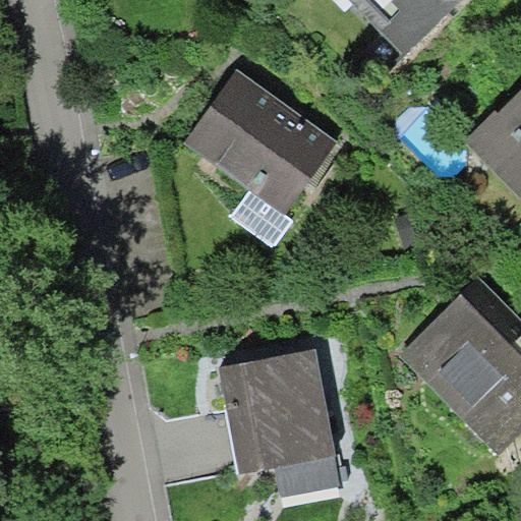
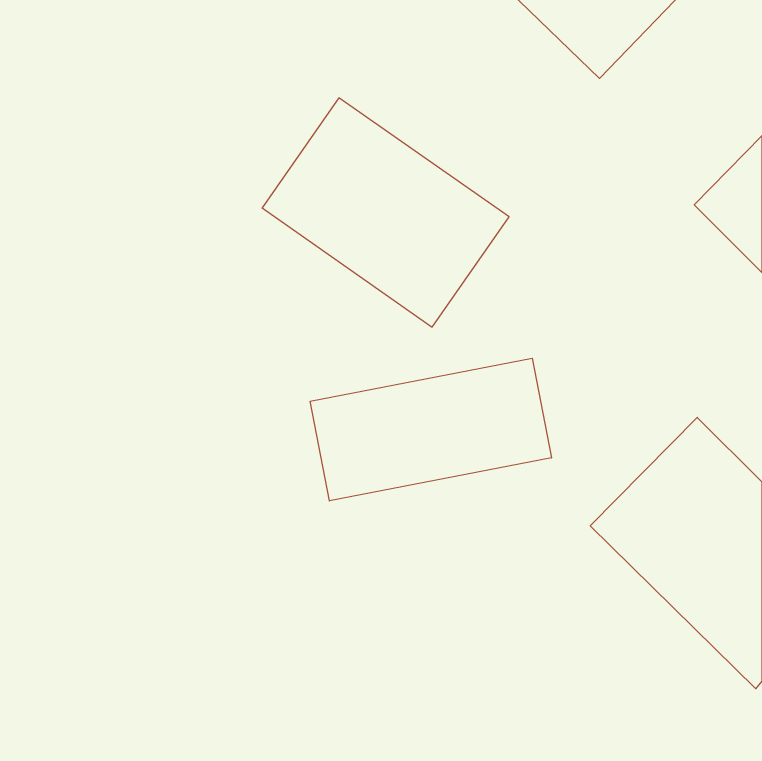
building: none -> [310,358,551,501]
building: [249,351,342,495] -> none

